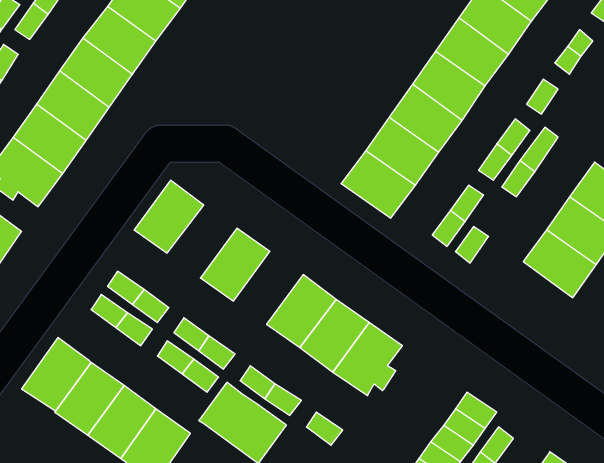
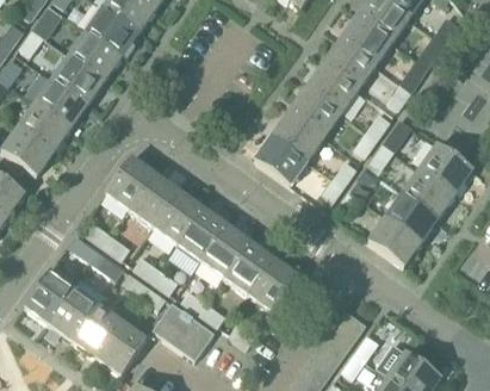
building: none -> [129,174,179,226]
building: none -> [176,207,227,260]
building: none -> [367,215,421,265]

